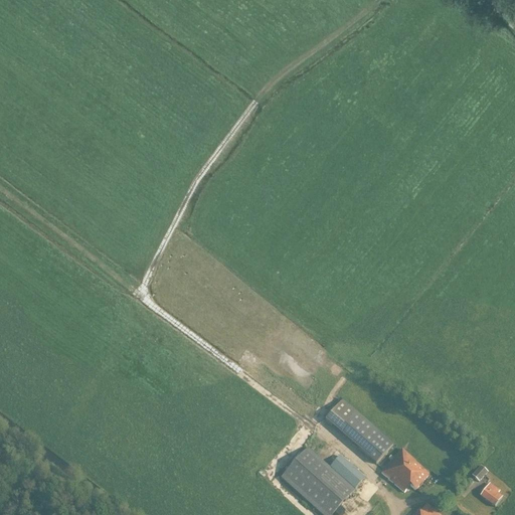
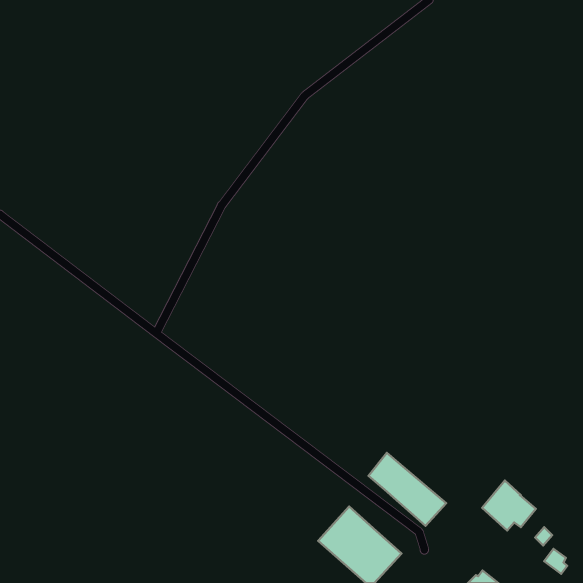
building: [381,448,428,492] -> [482,480,536,531]
building: [329,455,364,488] -> none

